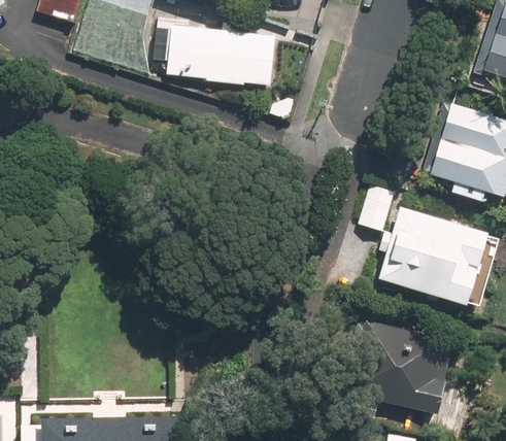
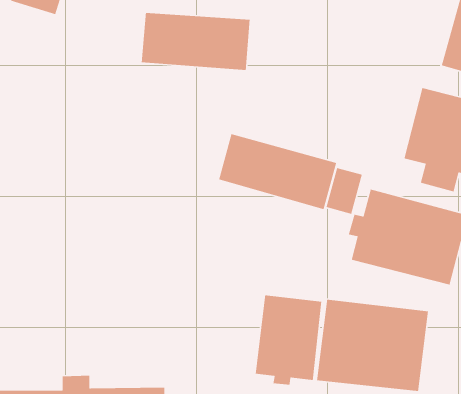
building: none -> [218,133,337,210]
building: none -> [255,294,322,385]

